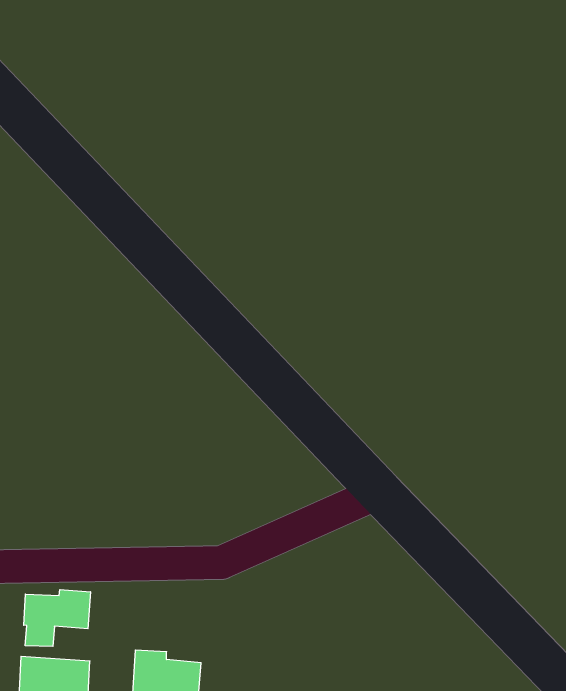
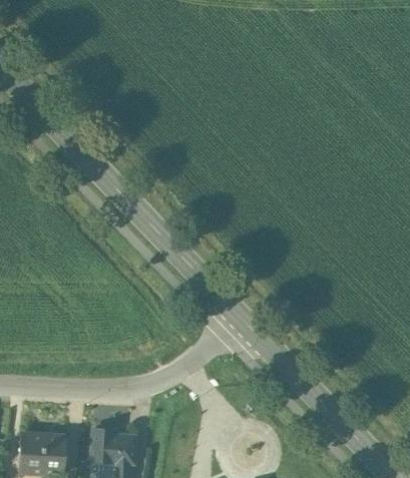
building: [24,590,90,646] -> none

